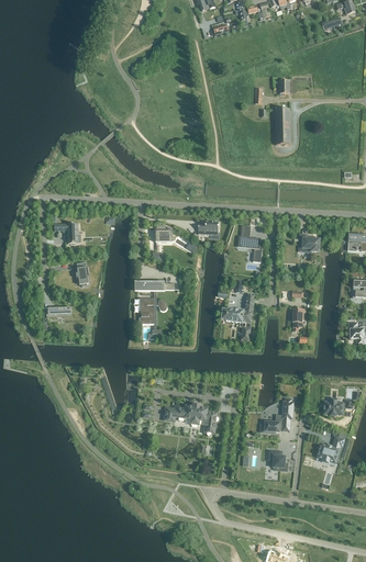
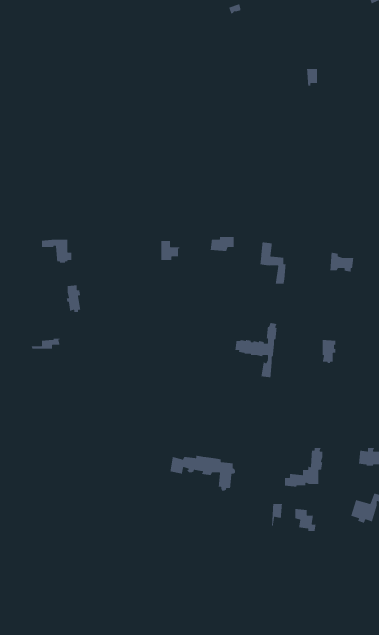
building: [274,106,290,143] -> none
building: [137,281,174,330] -> none

